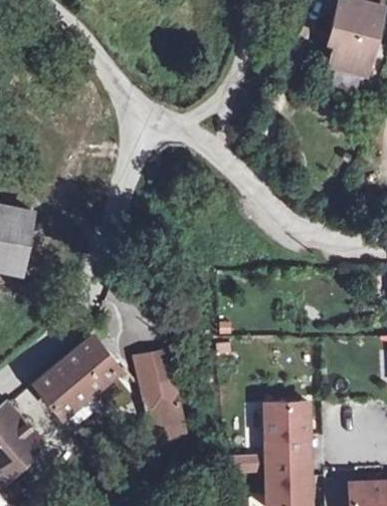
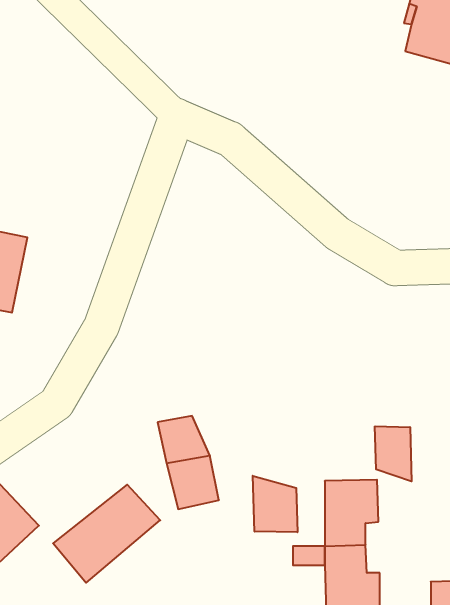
building: [34,337,119,415] -> [53,485,160,583]
building: none -> [375,426,412,481]
building: none -> [253,476,297,532]

